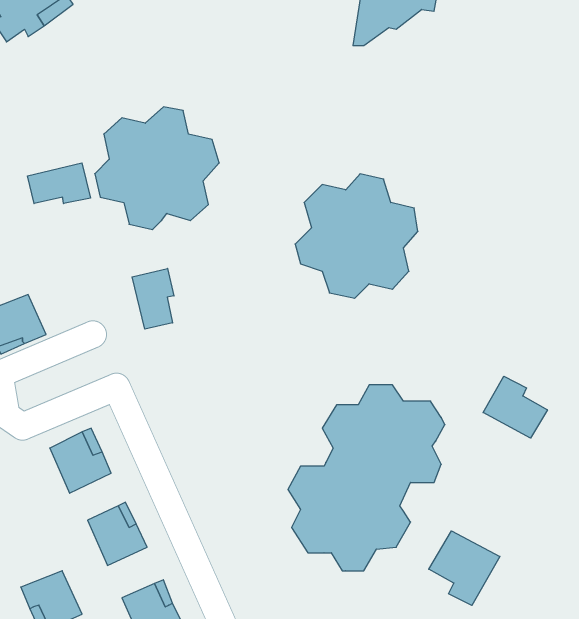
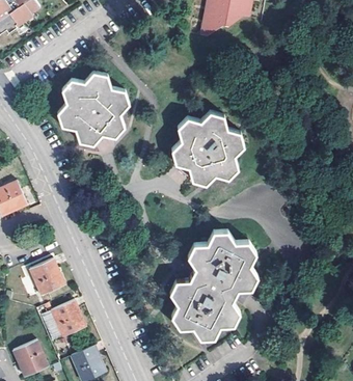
building: [28,163,90,204] -> none
building: [132,268,174,329] -> none
building: [483,376,547,438] -> none
building: [429,531,500,605] -> none

